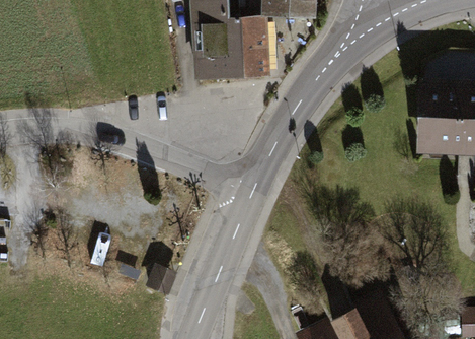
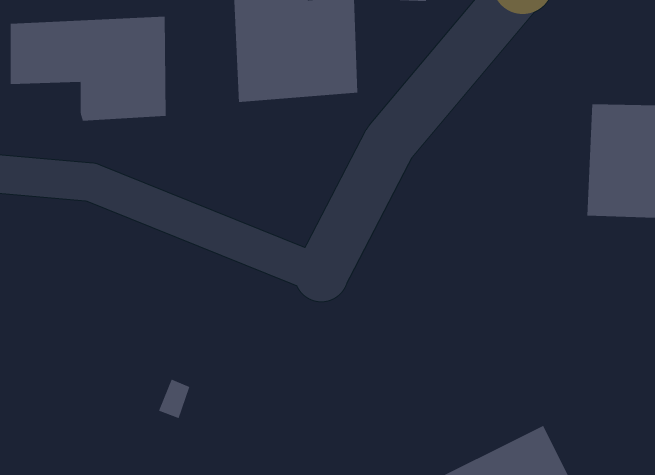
building: none -> [10,16,166,121]

